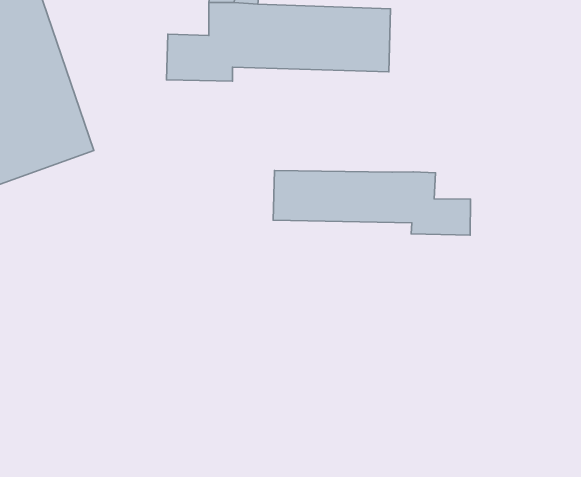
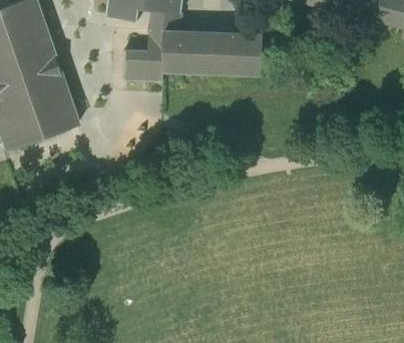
building: [273,171,471,235] -> none

